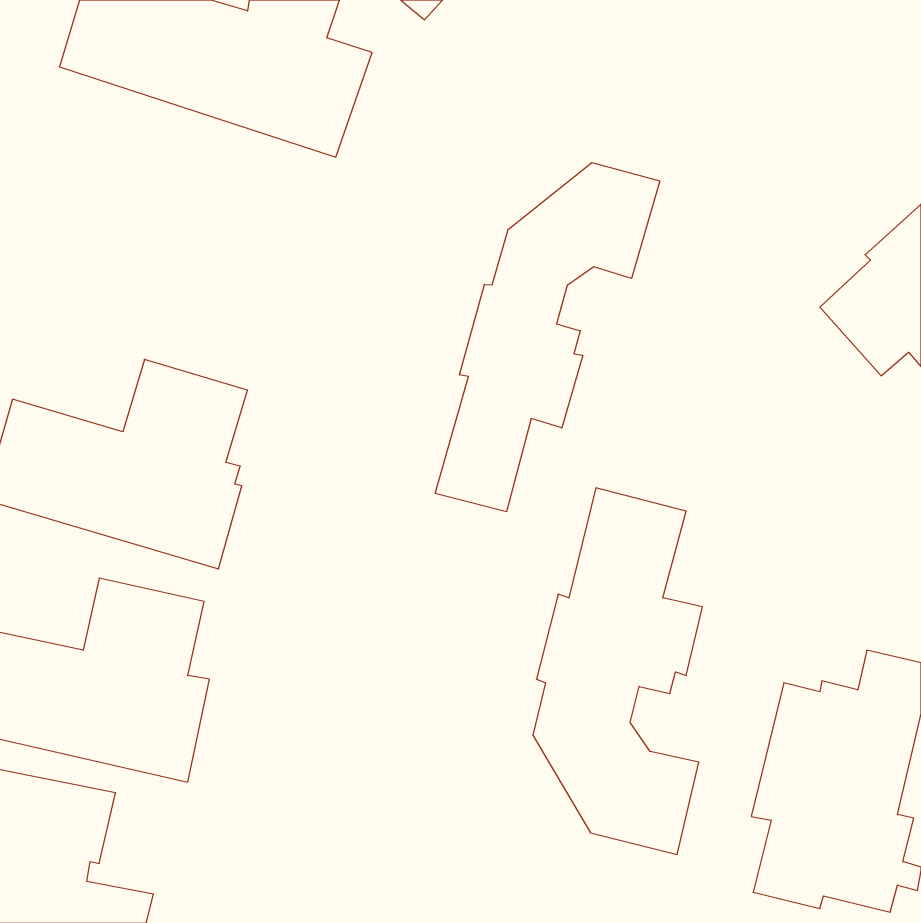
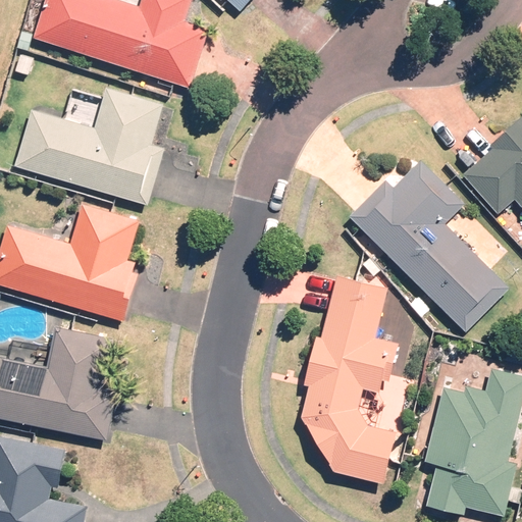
building: none -> [14,88,163,205]
building: [435,163,660,512] -> none
building: none -> [349,160,509,331]

